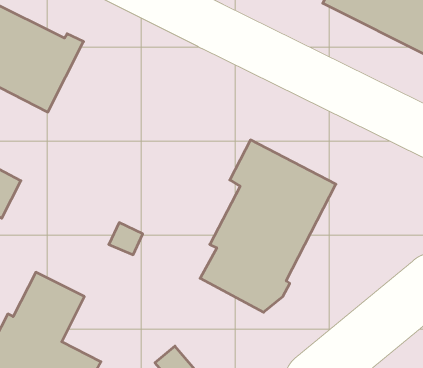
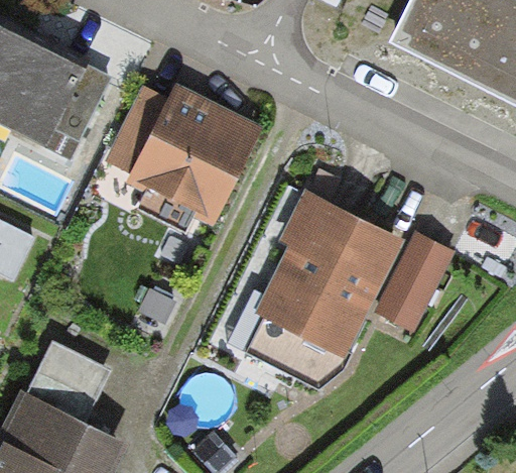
building: none -> [107,84,262,231]
building: none -> [376,231,455,330]

